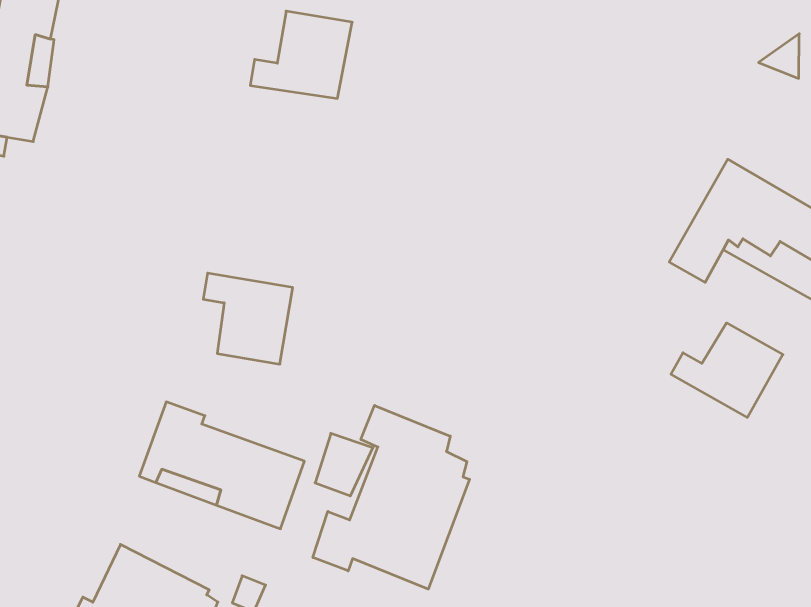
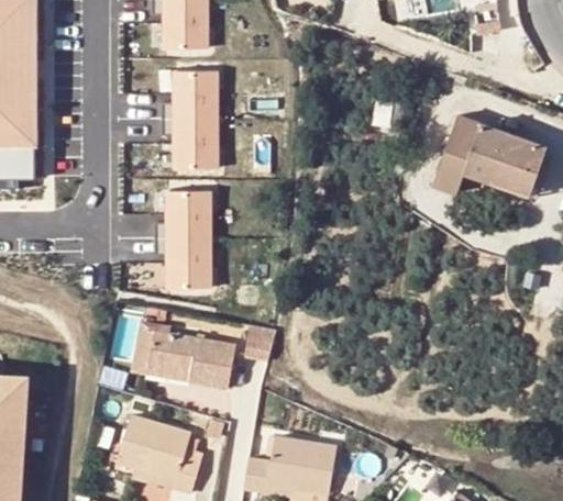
building: none -> [163,119,218,169]
building: none -> [156,191,210,240]
building: [671,323,783,417] -> none
building: [313,405,470,589] -> none

